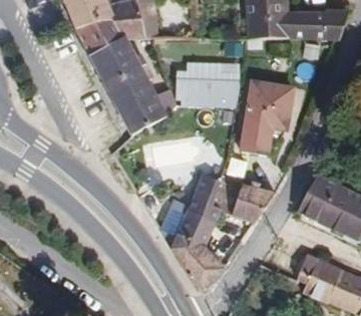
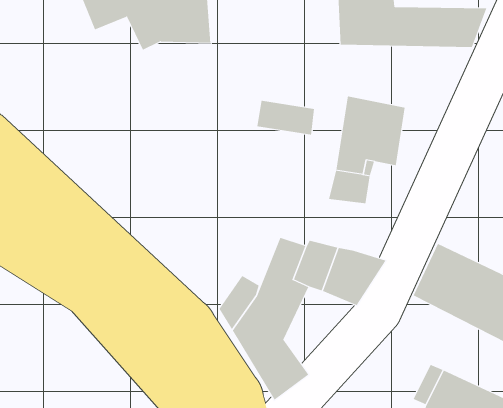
building: [75,18,178,136] -> none

